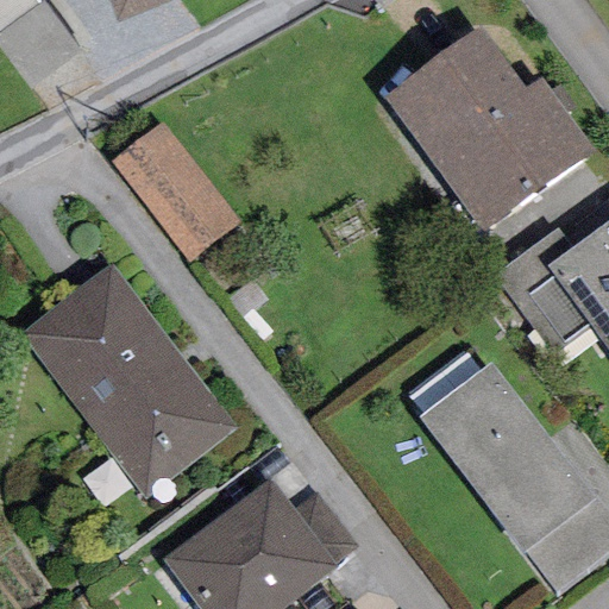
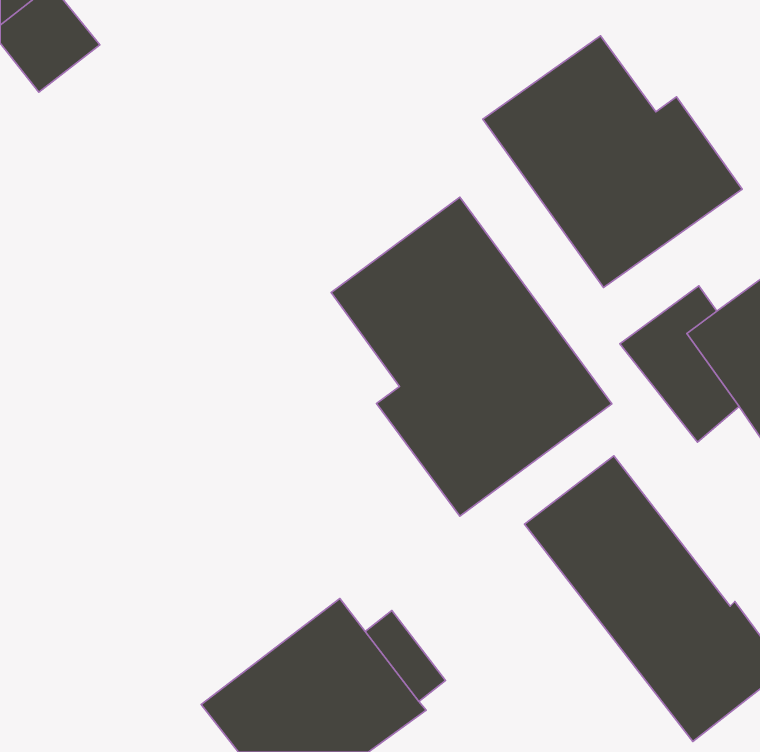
building: [109,124,240,259] -> none
building: none -> [331,197,612,516]
building: [23,263,236,495] -> none

